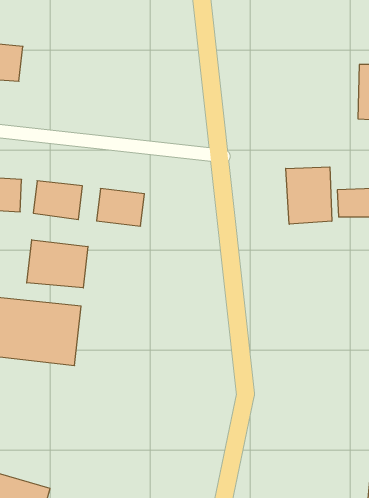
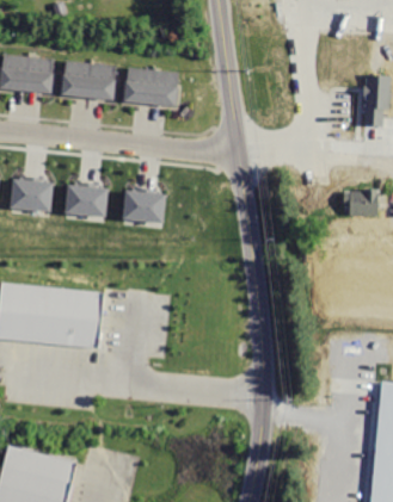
building: none -> [62,60,118,98]
building: none -> [124,67,179,105]
building: [286,167,332,224] -> none
building: [27,240,88,288] -> none

